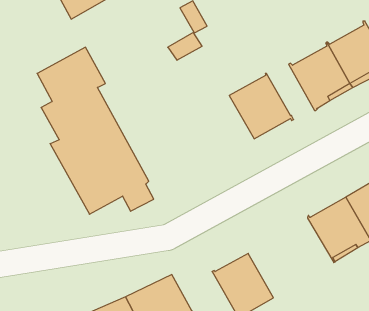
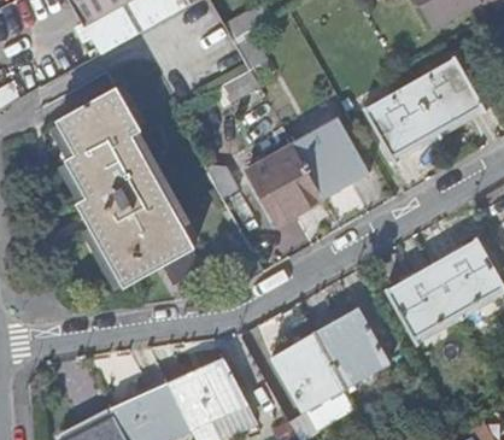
building: none -> [248,143,322,223]
building: none -> [315,306,389,386]

